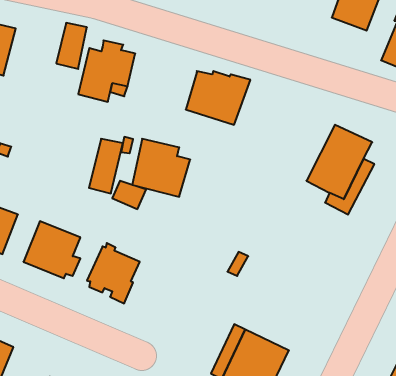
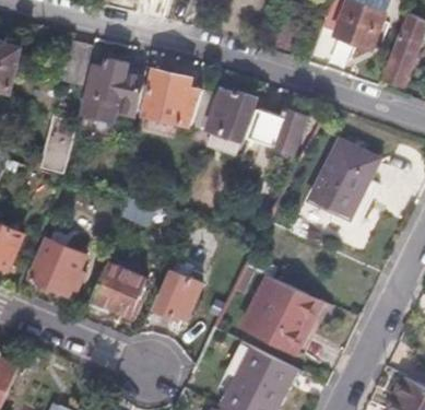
building: none -> [248,107,305,154]
building: [89,139,123,193] -> [40,118,74,173]
building: [132,139,190,197] -> [143,69,201,127]
building: none -> [156,272,200,321]
building: none -> [241,277,319,352]

